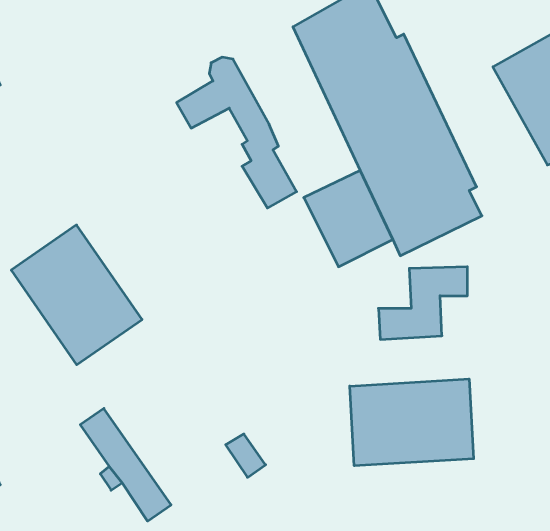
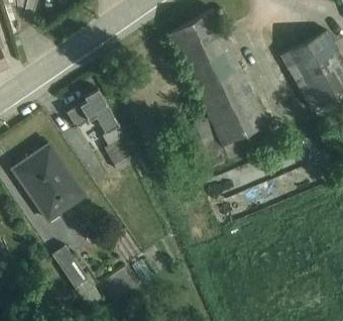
building: [177,57,297,208] -> [66,87,132,171]
building: [350,379,474,466] -> none

